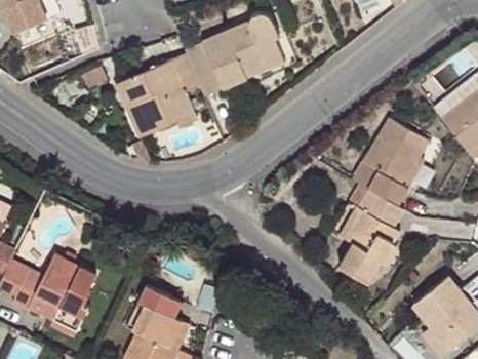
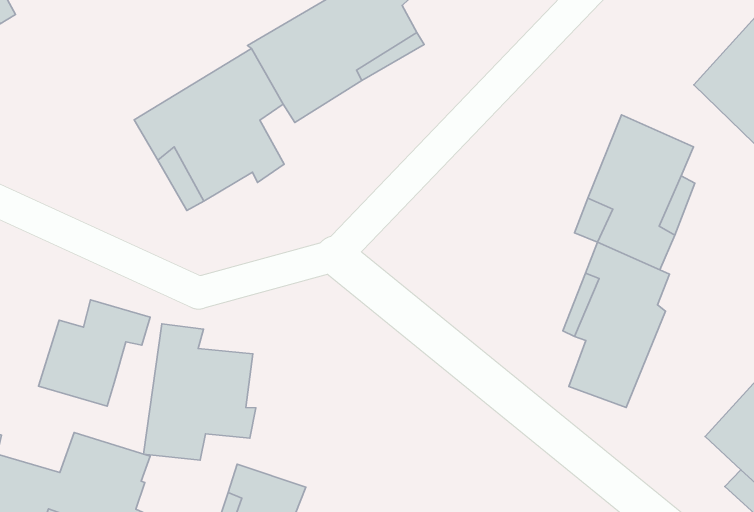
building: none -> [38,300,150,406]
building: none -> [143,324,256,460]

